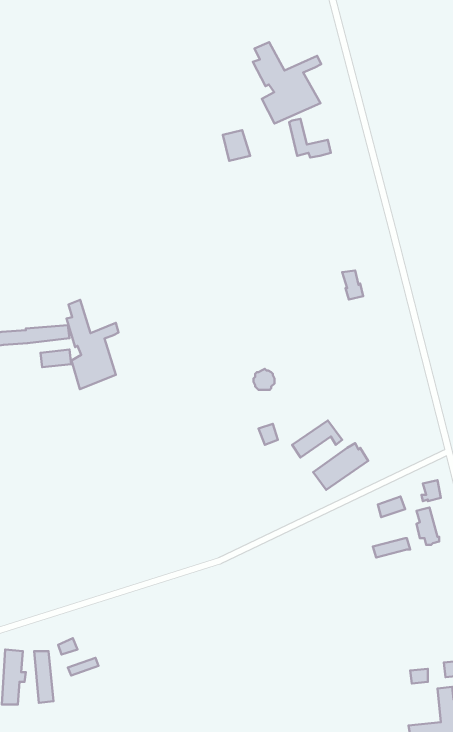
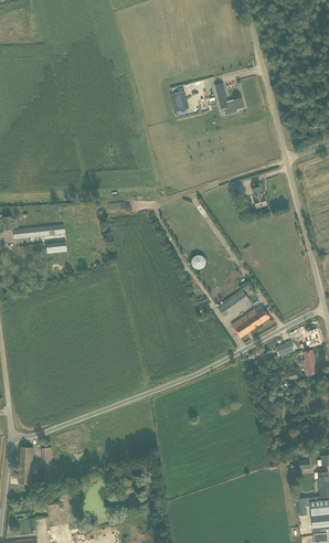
building: [253,42,321,123] -> none
building: [67,300,118,389] -> none

